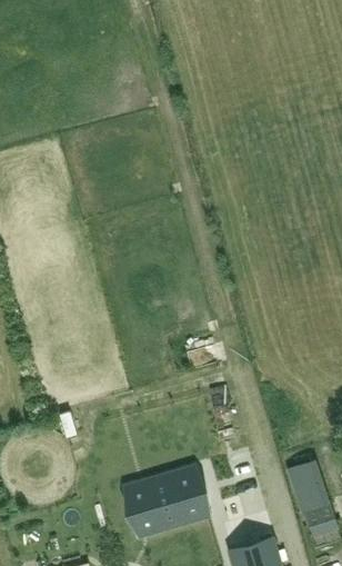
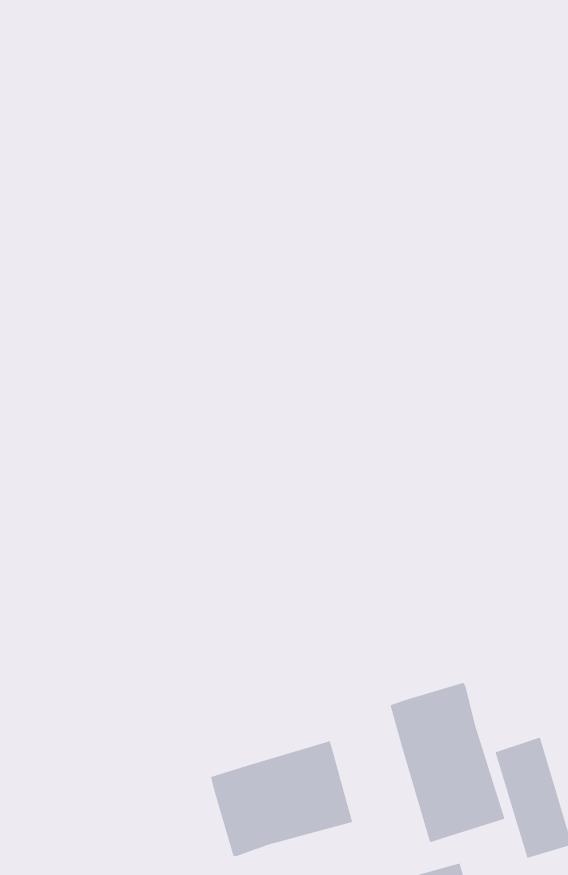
building: none -> [390,682,505,843]

